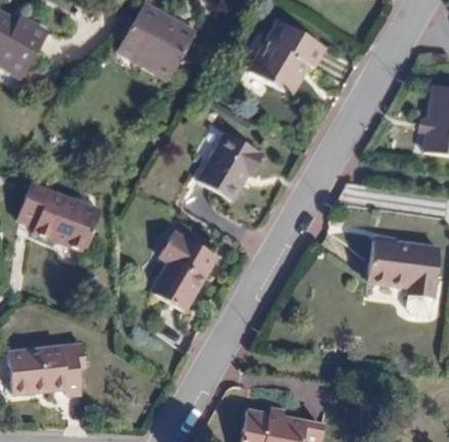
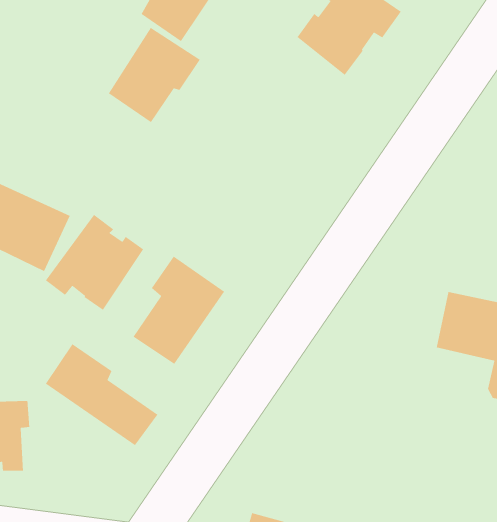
building: [198,131,263,200] -> [108,27,201,123]
building: none -> [45,214,144,311]
building: none -> [45,343,158,446]

